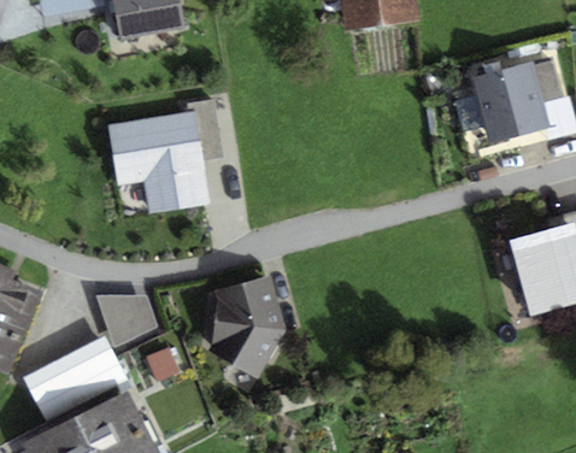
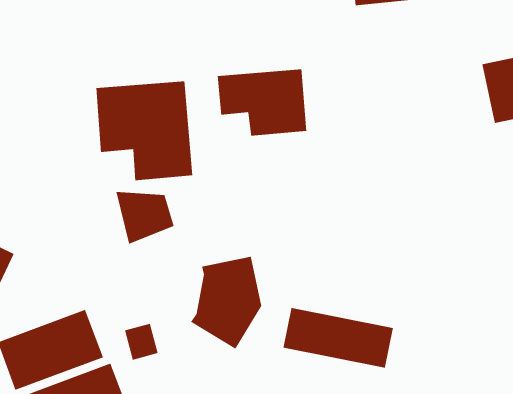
building: none -> [217,68,307,137]
building: [94,293,153,343] -> [116,192,174,245]
building: none -> [283,307,393,368]

